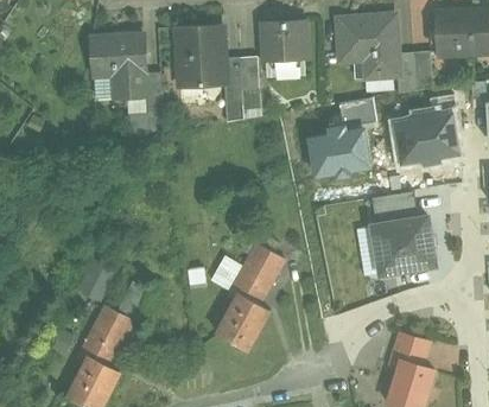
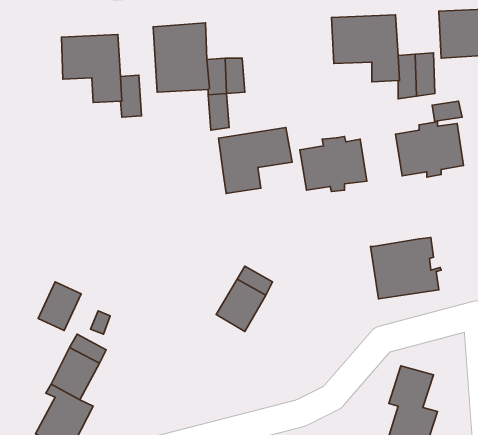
building: [258,19,305,61] -> none
building: [337,97,374,127] -> none
building: none -> [219,128,292,194]
building: [369,191,415,225] -> none
building: [216,287,268,349] -> none

